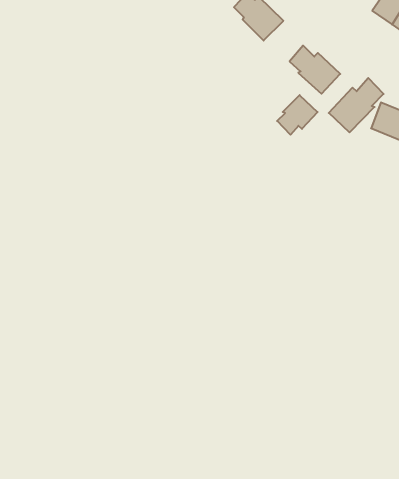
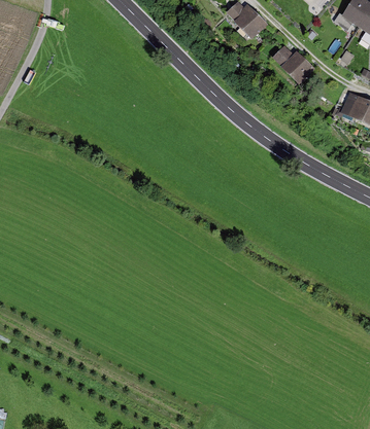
building: [329,78,384,132] -> none
building: [277,95,318,135] -> none

